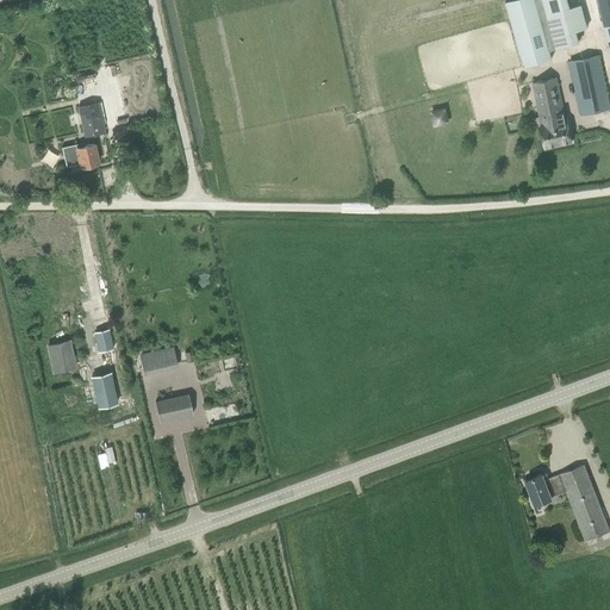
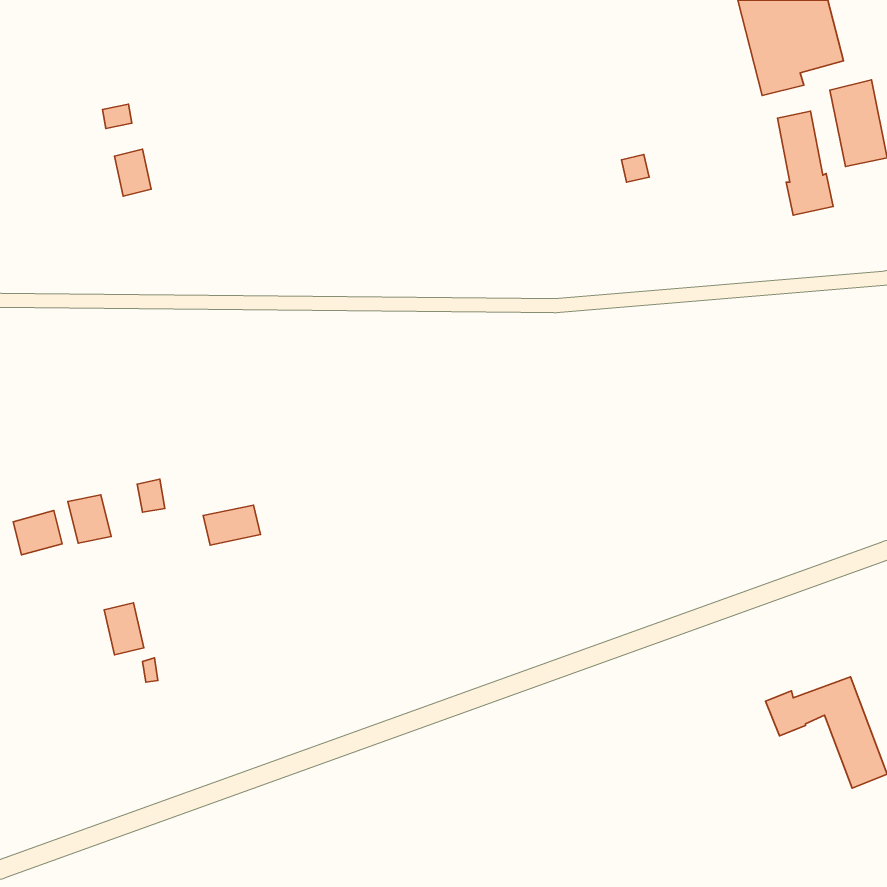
building: [61,143,98,168] -> none
building: none -> [13,511,62,555]
building: [91,372,118,407] -> [104,603,144,655]
building: [155,393,193,421] -> none

